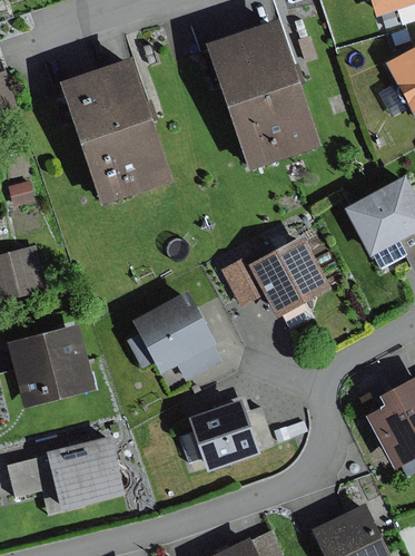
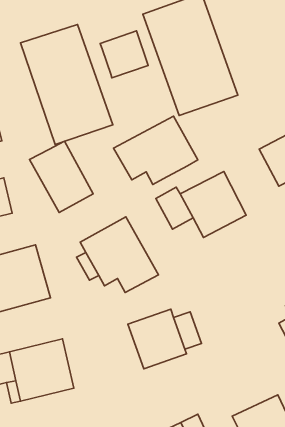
building: none -> [100,31,148,78]
building: none -> [114,116,198,185]
building: none -> [30,141,93,213]

